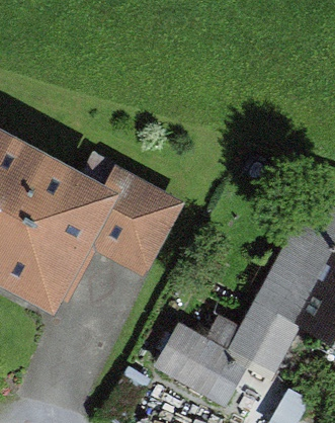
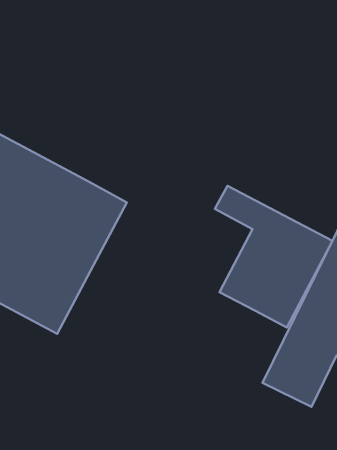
building: [81,155,185,280] -> [215,186,332,327]
building: [158,329,245,406] -> none

